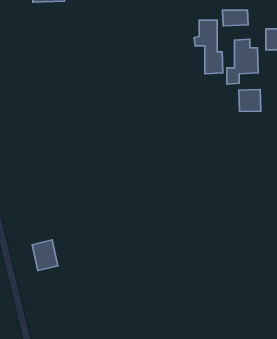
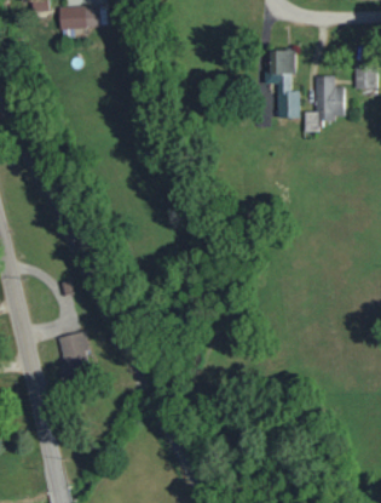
building: [222,10,248,26] -> none
building: [239,90,261,112] -> none

